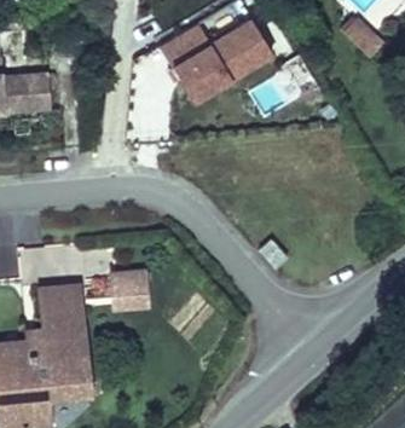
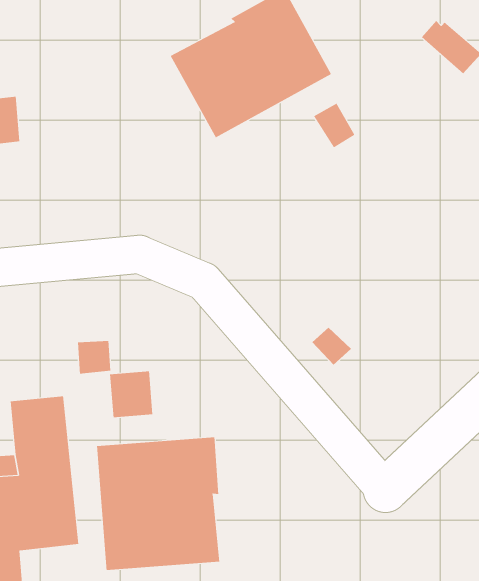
building: none -> [96,436,220,571]

